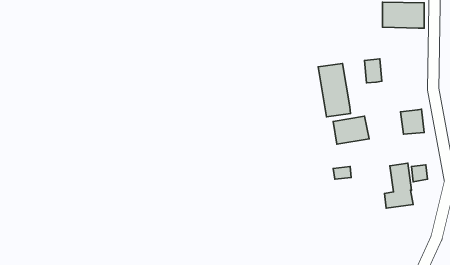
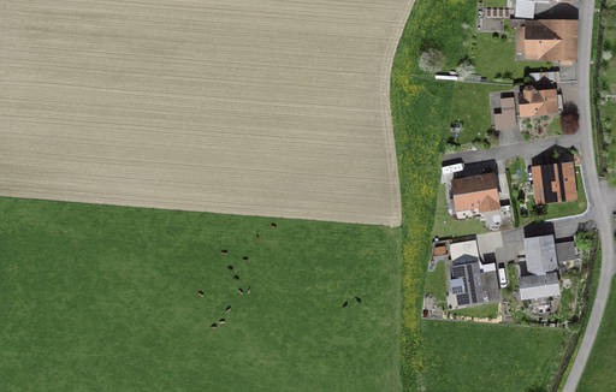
building: none -> [519,88,556,113]
building: [318,64,351,117] -> none
building: none -> [450,263,498,303]

